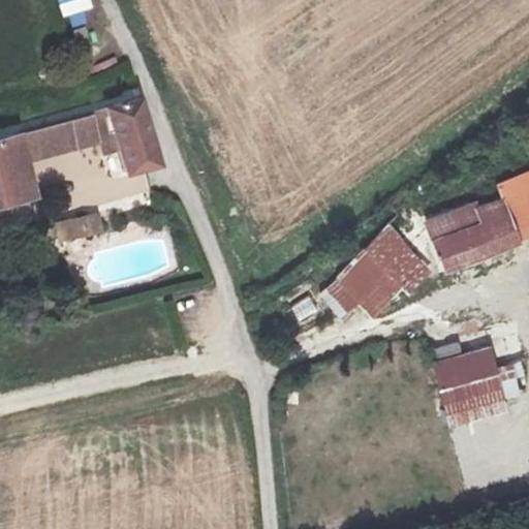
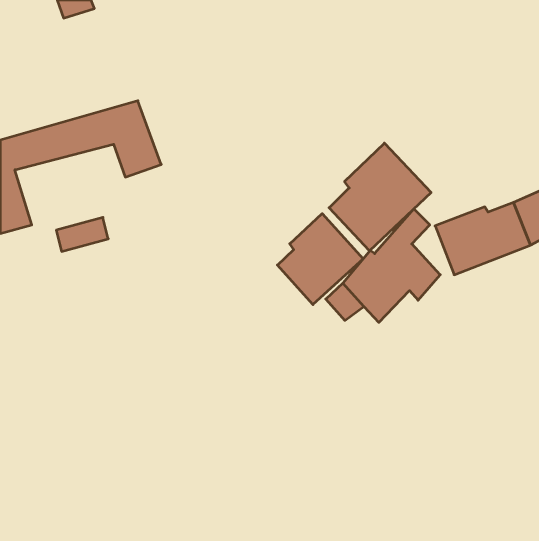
building: none -> [329,143,431,251]
building: none -> [277,214,363,305]
building: [434,343,521,425] -> none

